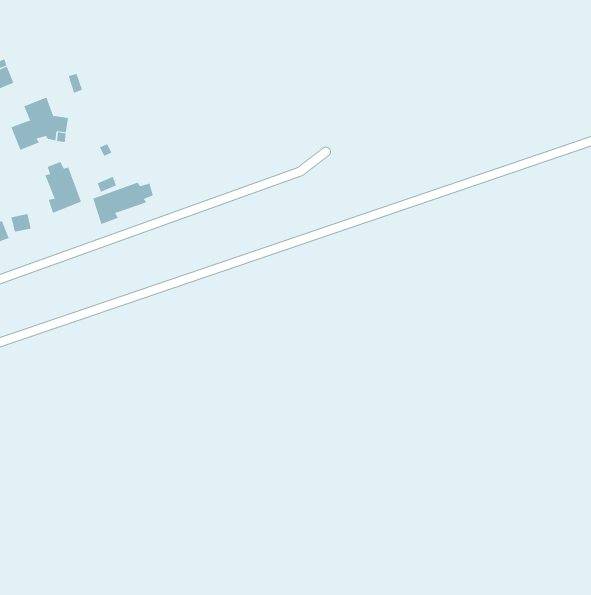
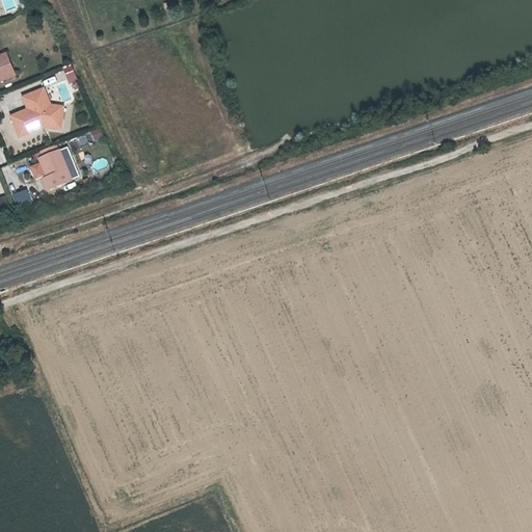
building: [93,182,154,225] -> none

